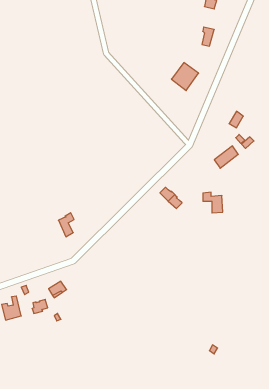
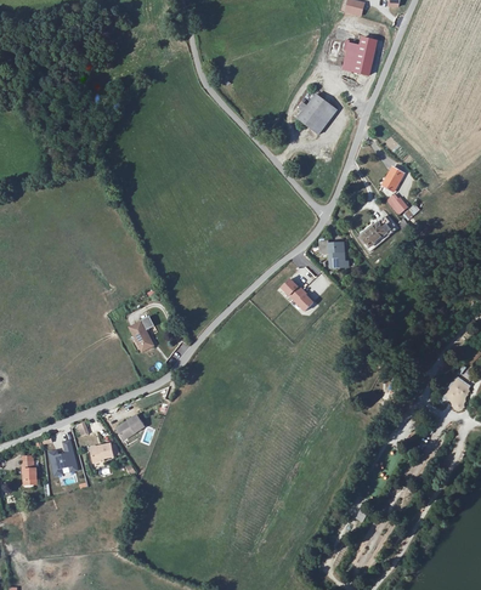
building: none -> [352,38,378,74]
building: [203,192,223,213] -> [317,238,346,268]

